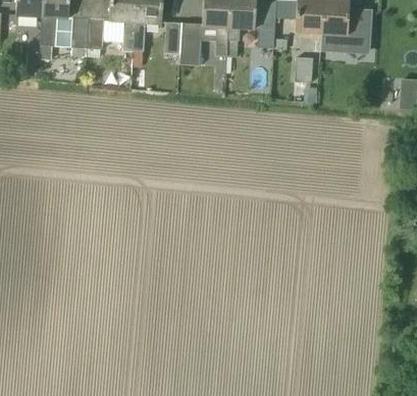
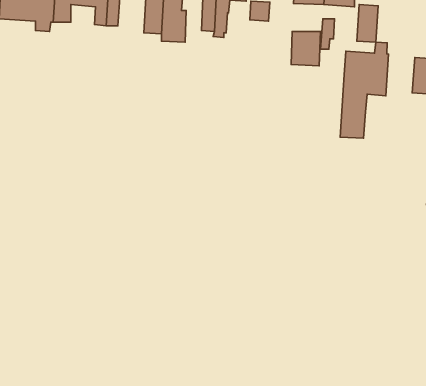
building: none -> [340,42,389,138]

